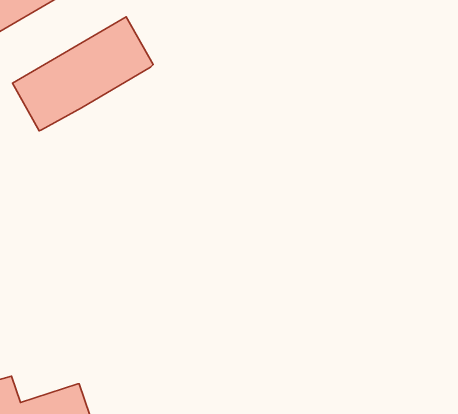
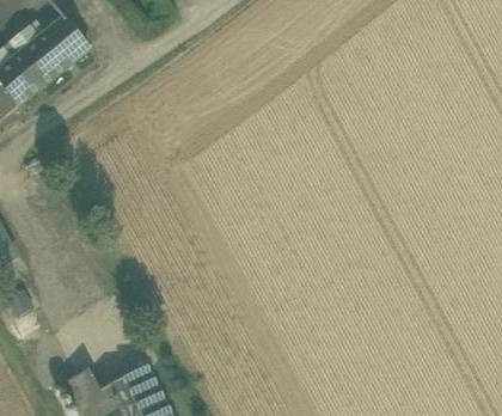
building: [12,17,153,131] -> none

